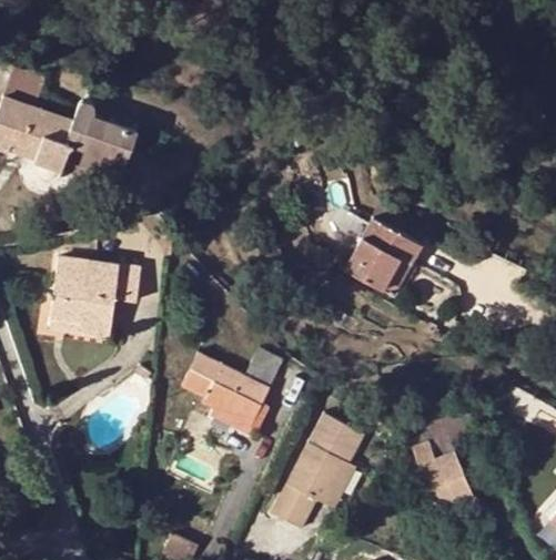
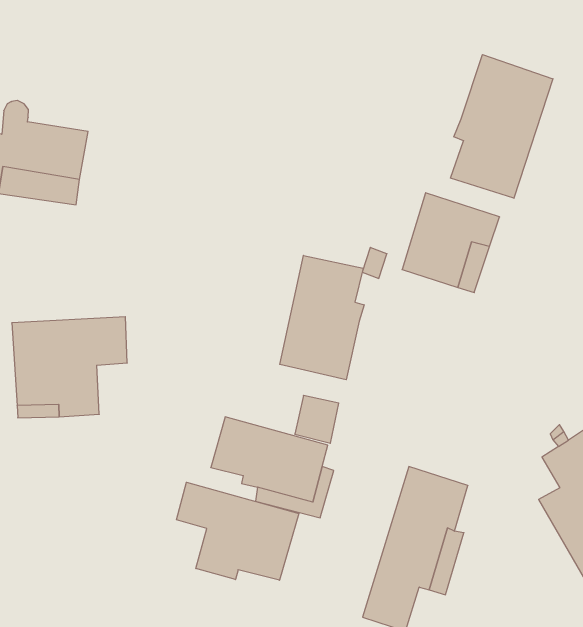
building: none -> [450,55,553,198]
building: none -> [280,255,364,380]
building: none -> [177,482,299,580]

